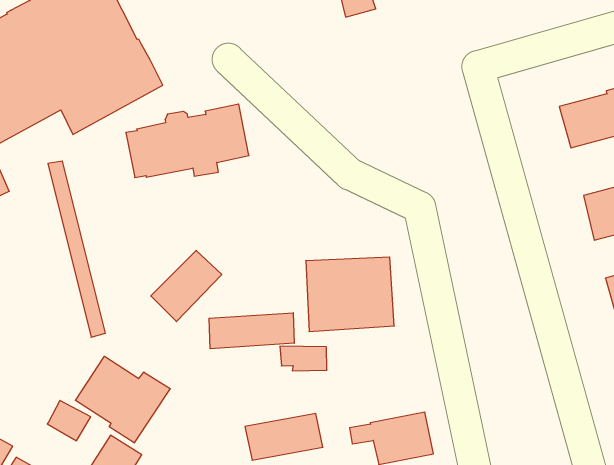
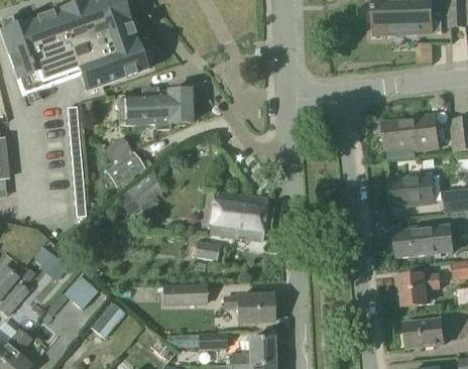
building: none -> [106,134,146,184]
building: [209,313,294,349] -> none
building: [75,356,170,443] -> none

